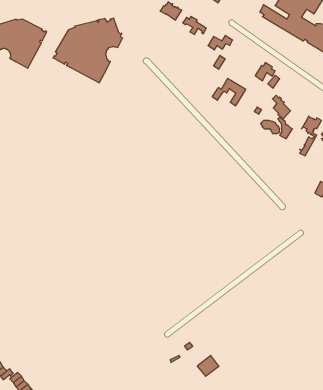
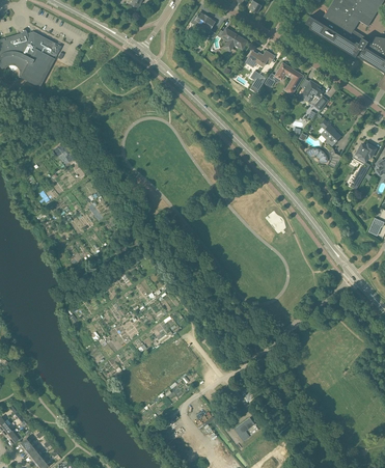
building: [53,18,123,83] -> none
building: [212,79,246,106] -> [265,62,303,93]

